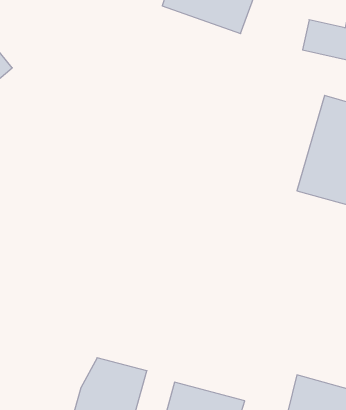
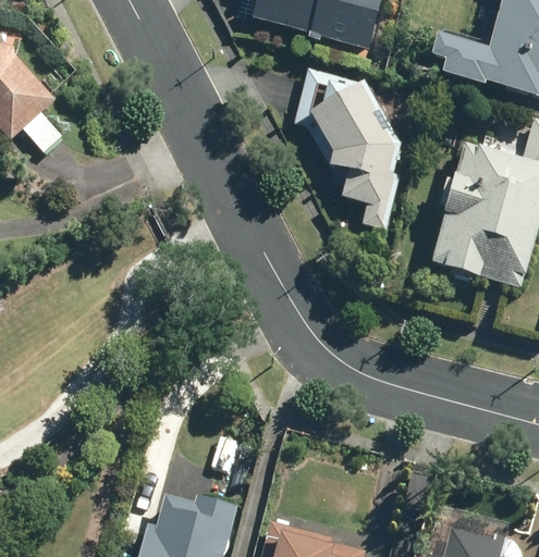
building: none -> [314,75,402,225]

